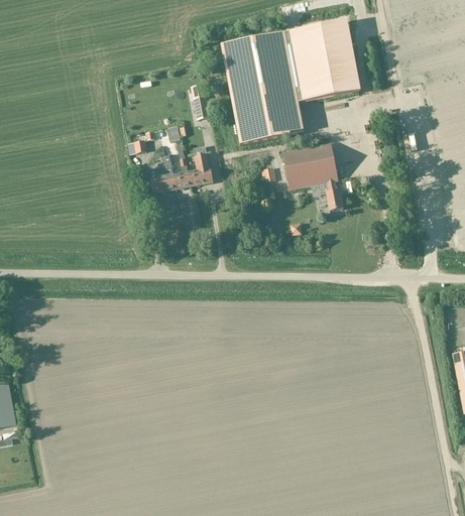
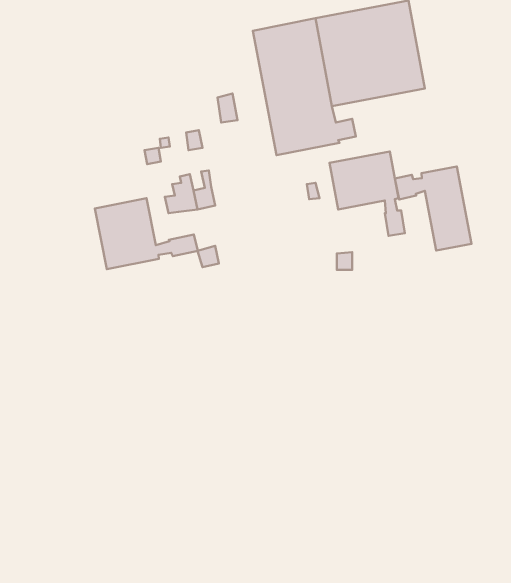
building: [188,152,212,184] -> none
building: none -> [395,166,471,250]
building: none -> [95,198,198,269]

